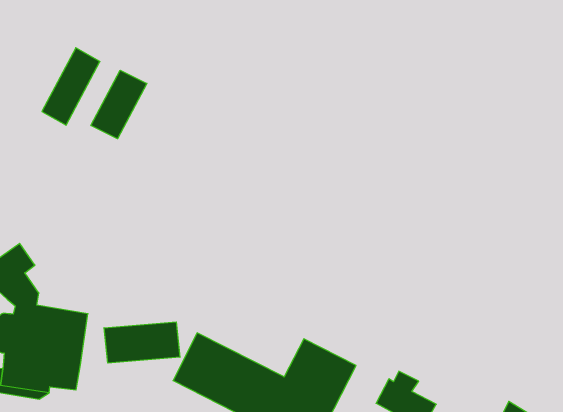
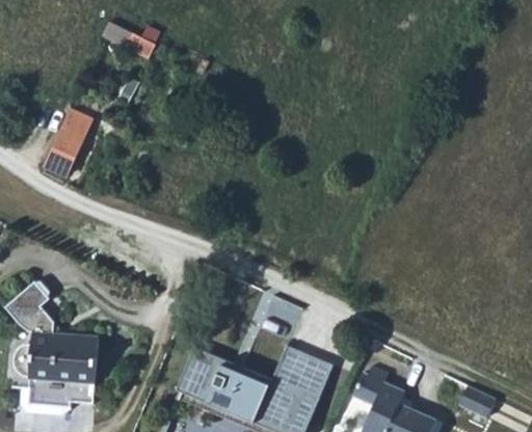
building: [91,70,147,139] -> none
building: [104,322,180,363] -> none

